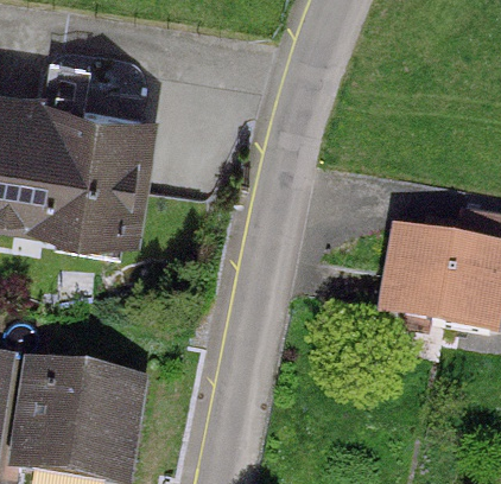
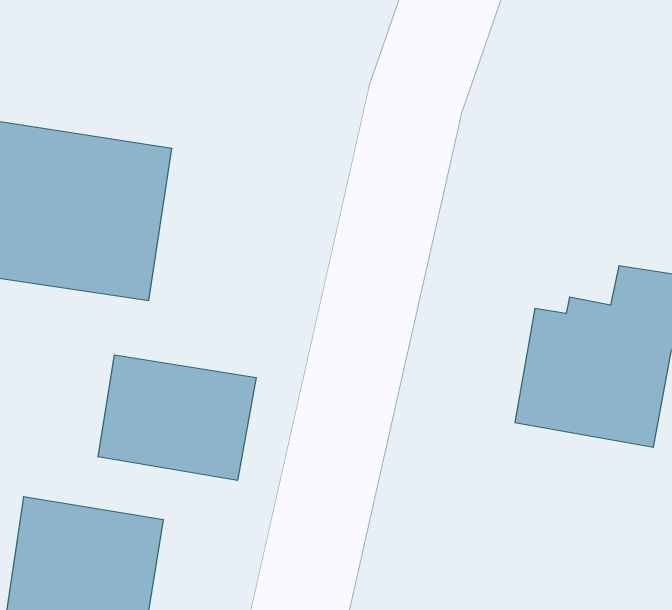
building: none -> [98,355,256,480]

